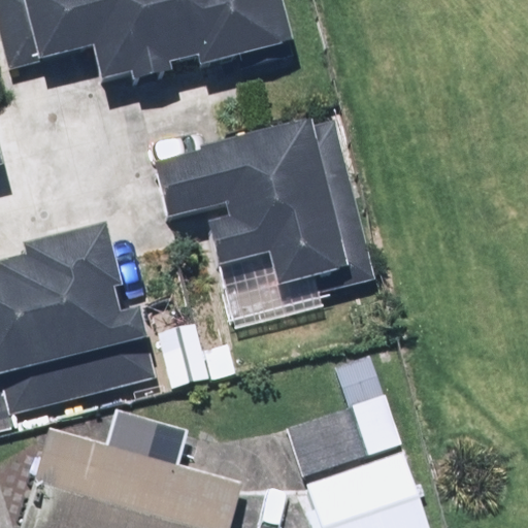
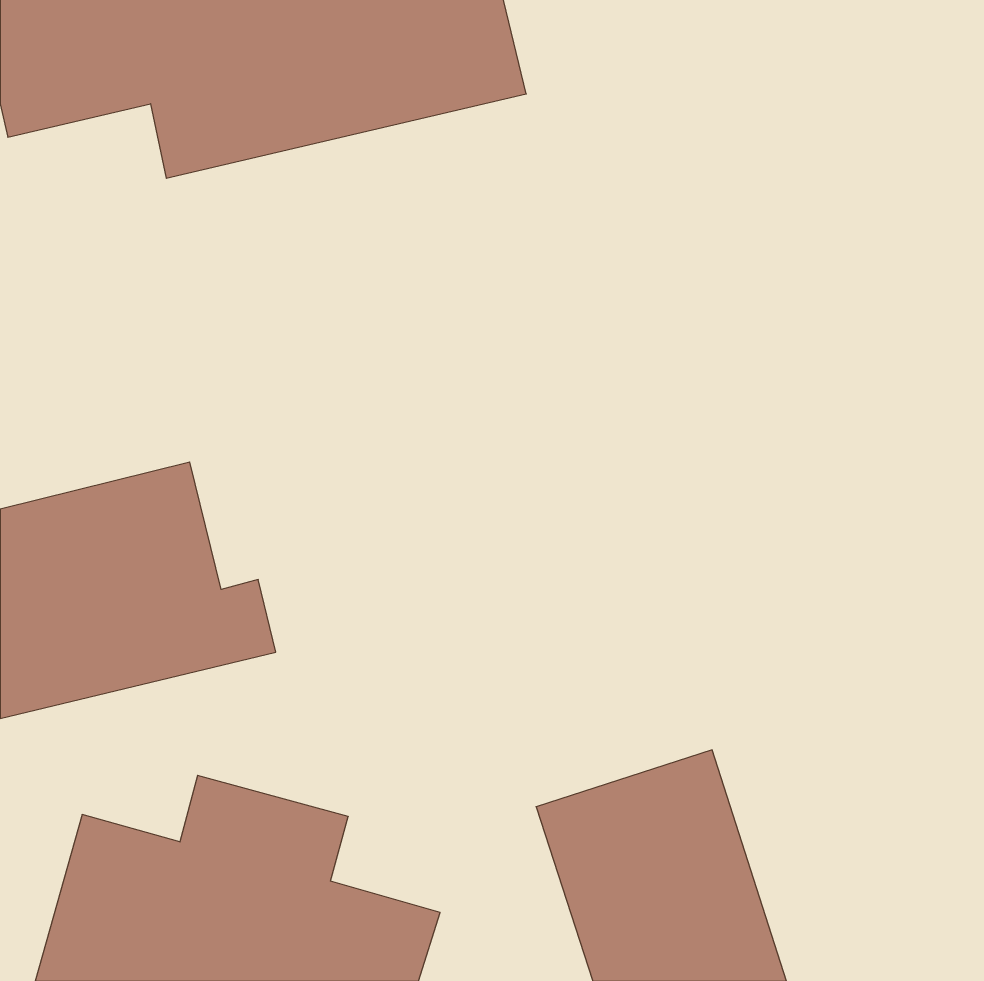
building: [145,122,343,290] -> none

